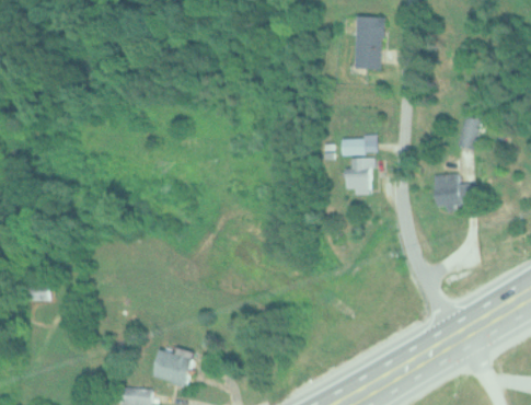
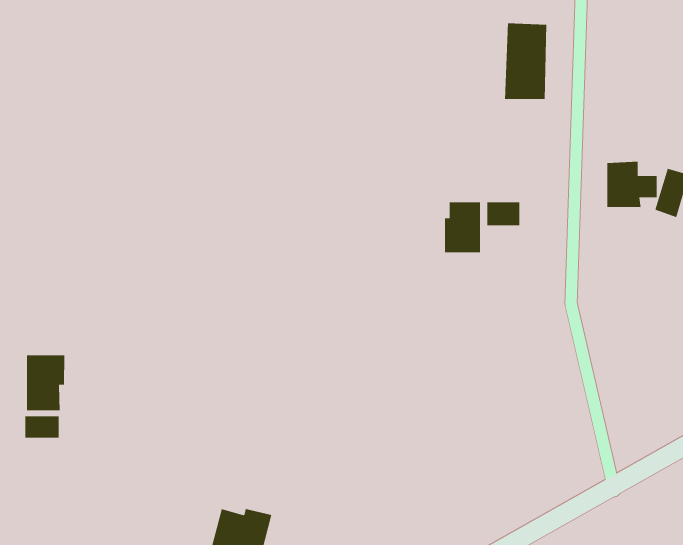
building: [346,158,371,193] -> [444,202,481,253]
building: [435,174,470,206] -> [606,161,658,207]
building: none -> [26,355,65,411]

